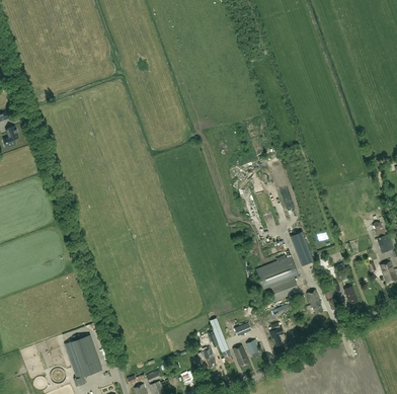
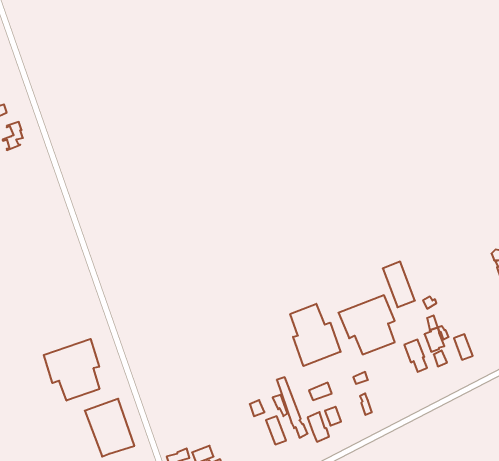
building: none -> [290,304,341,366]
building: none -> [44,339,99,401]

